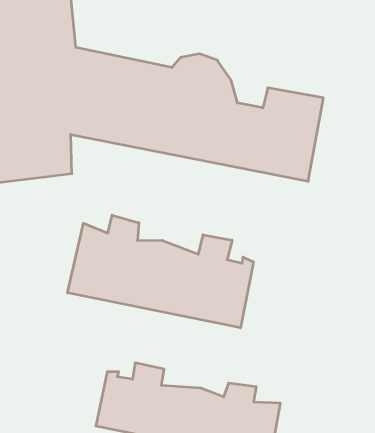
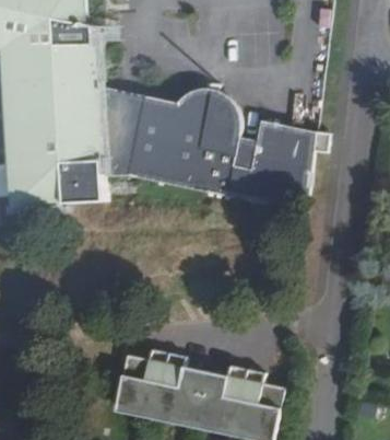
building: [68,215,253,328] -> none

